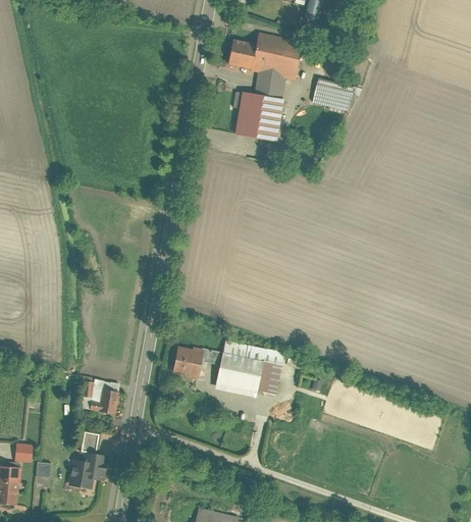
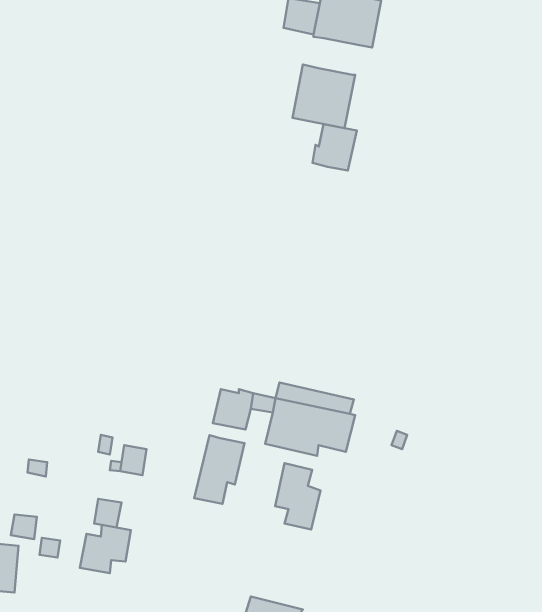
building: [255,71,285,100] -> none
building: [311,79,353,112] -> none
building: none -> [313,124,357,170]
building: none -> [194,435,244,504]
building: none -> [275,463,321,530]

